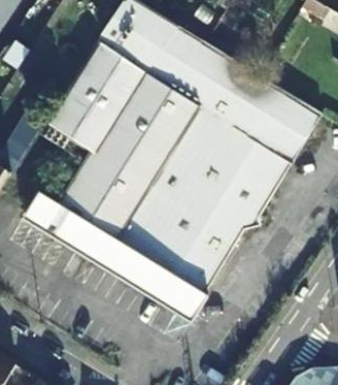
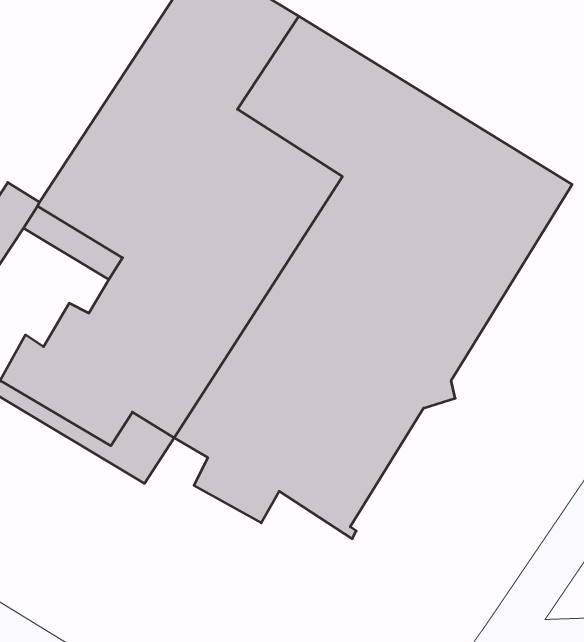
building: [99,244,207,321] -> none

